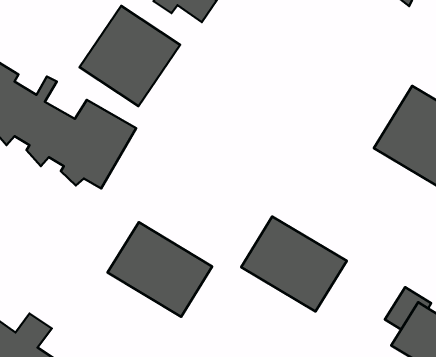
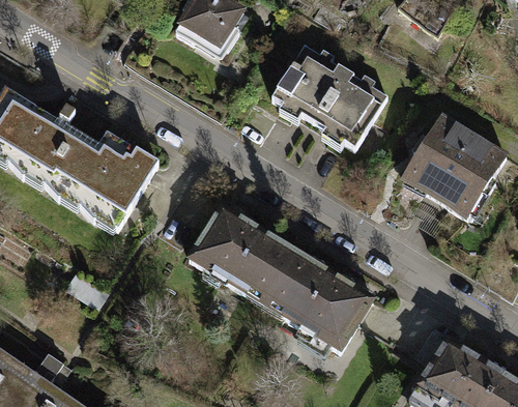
building: [79,6,180,106] -> none
building: none -> [272,46,386,148]
building: [108,222,212,317] -> [189,206,296,303]

